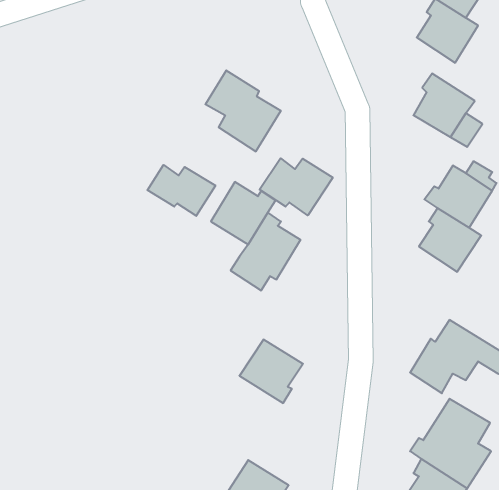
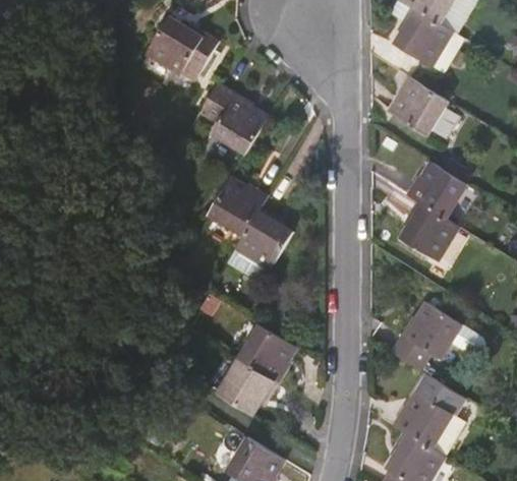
building: none -> [158,18,219,77]
building: [260,158,333,215] -> none
building: [147,165,215,216] -> none
building: none -> [210,357,273,415]

